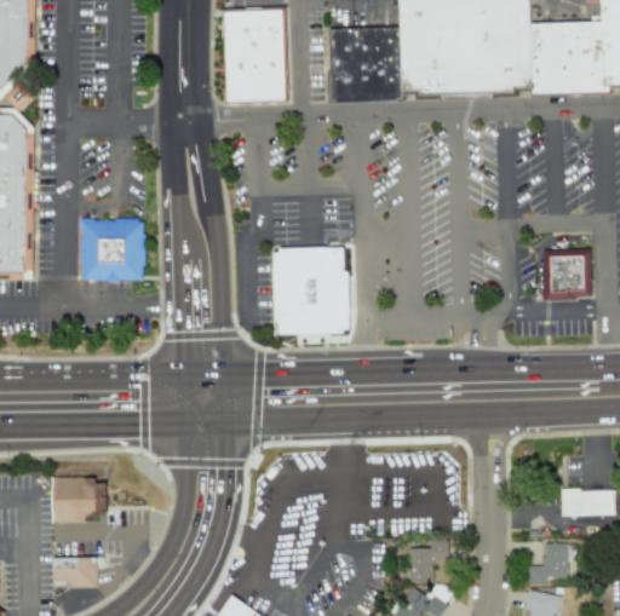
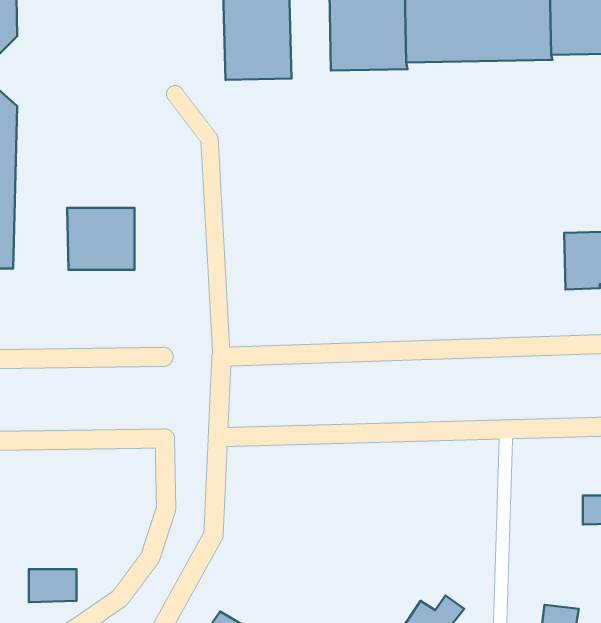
building: [279,254,354,340] -> none
building: [48,476,103,520] -> none
building: [404,540,446,581] -> none
building: [524,542,564,582] -> none

